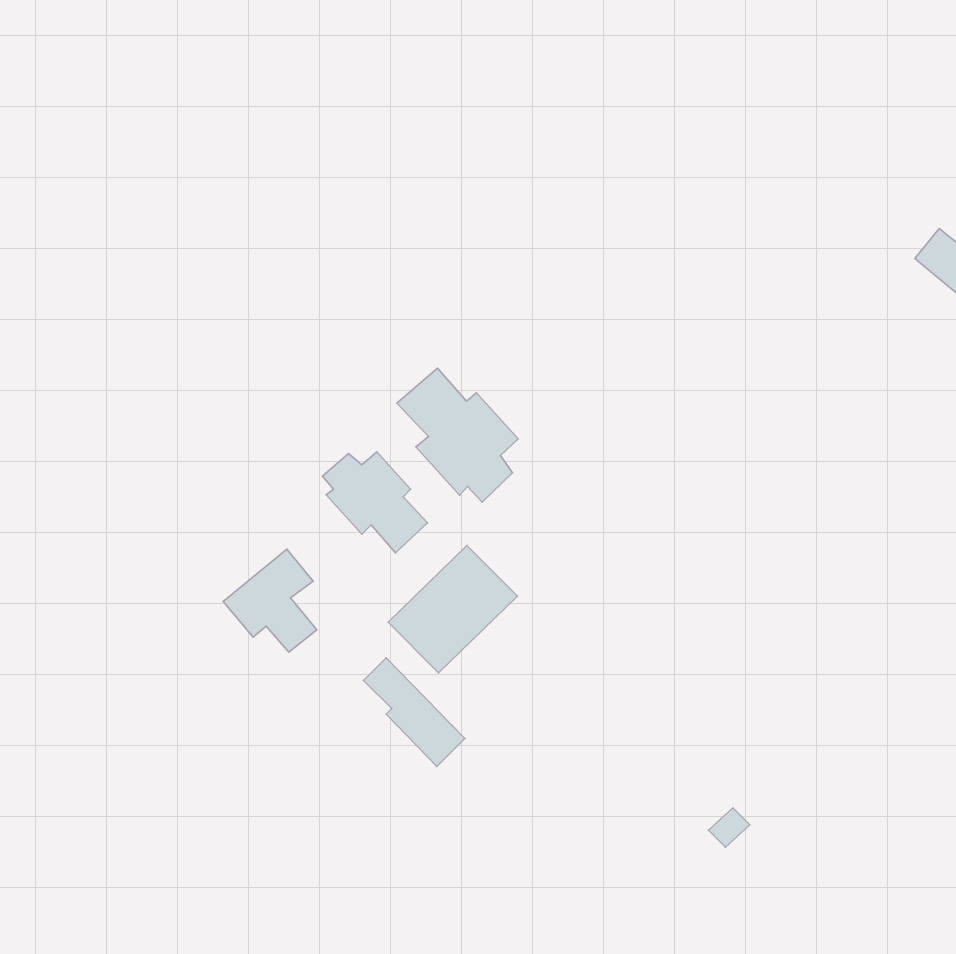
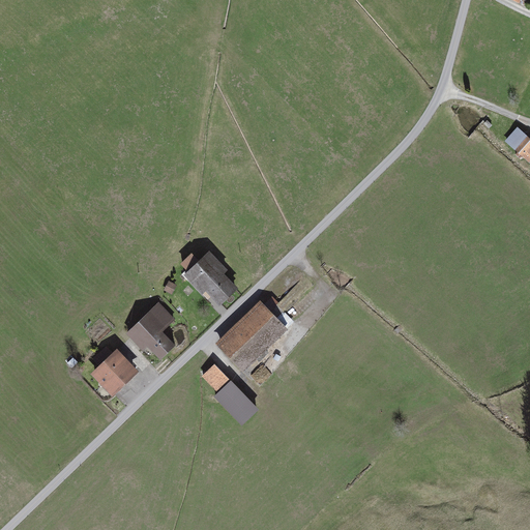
building: [397,368,518,502] -> none
building: none -> [88,348,136,395]

